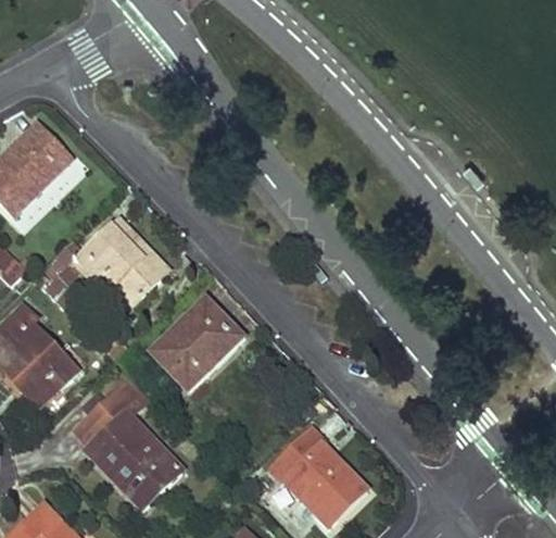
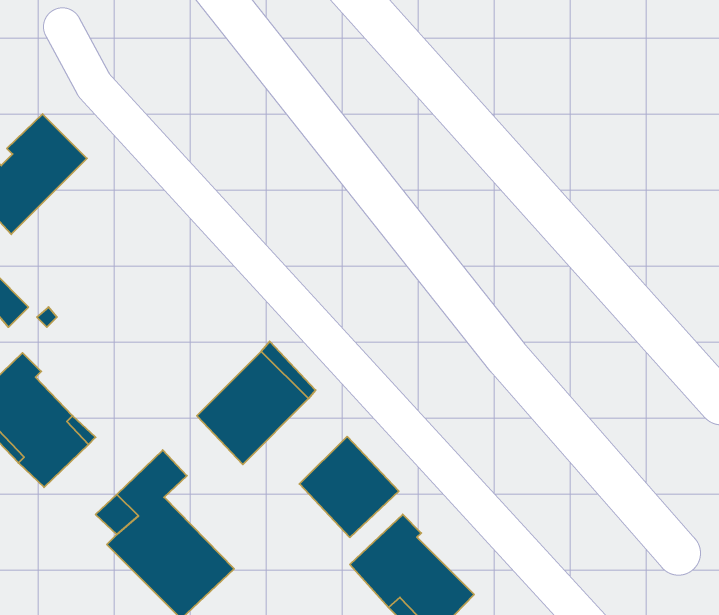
building: [42,218,168,315] -> none
building: none -> [299,437,399,537]

